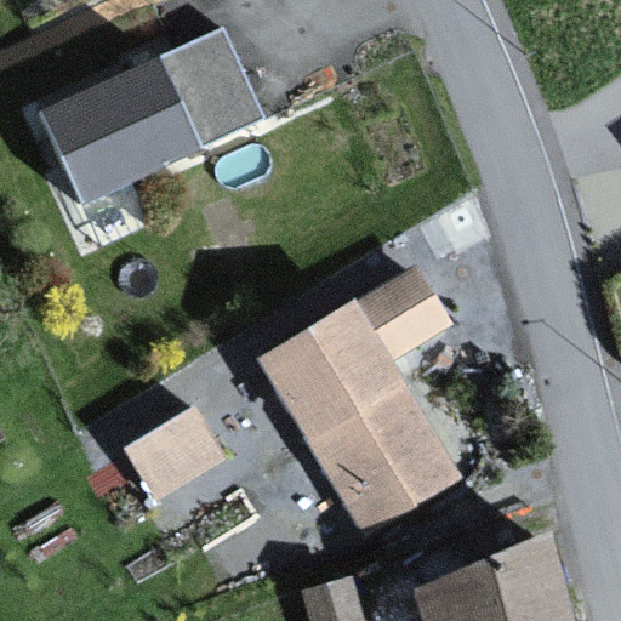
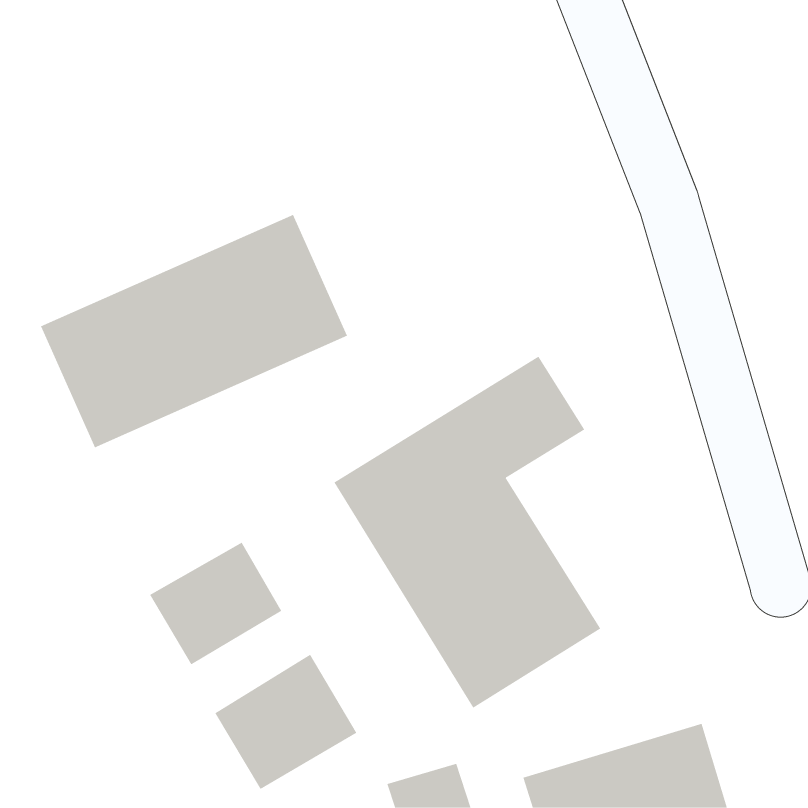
building: [33,25,266,203] -> [40,214,348,448]
building: none -> [214,654,357,790]

